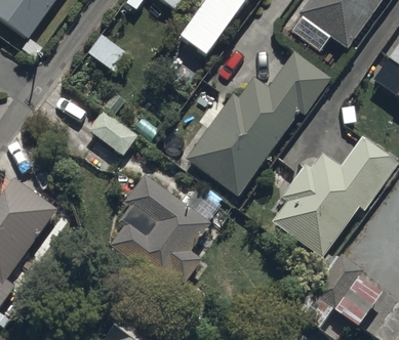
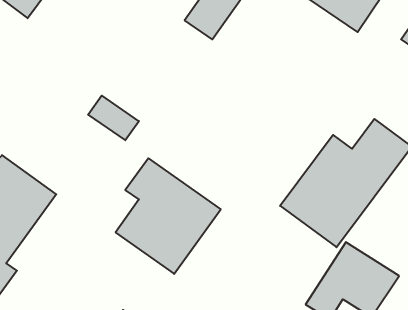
building: [185,50,330,199] -> none

